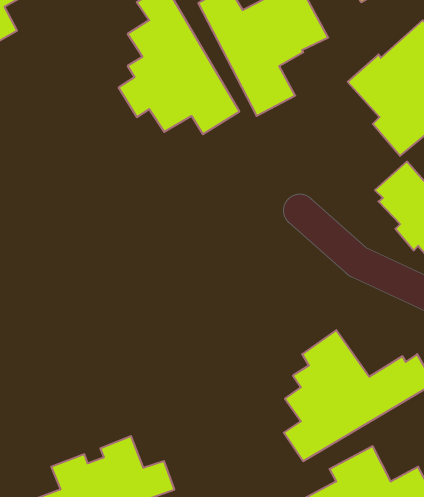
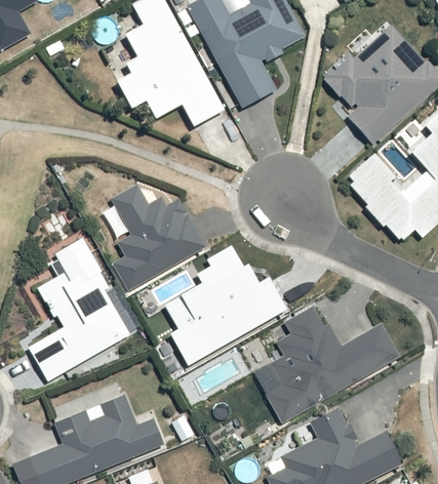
building: none -> [112,182,206,290]
building: none -> [28,238,133,380]
building: none -> [162,242,290,367]

